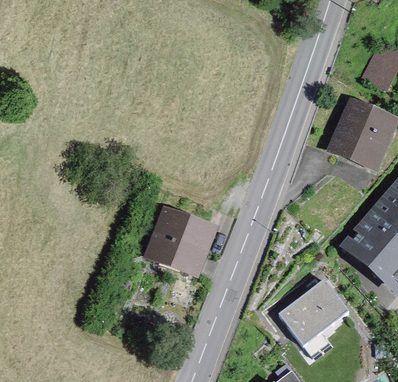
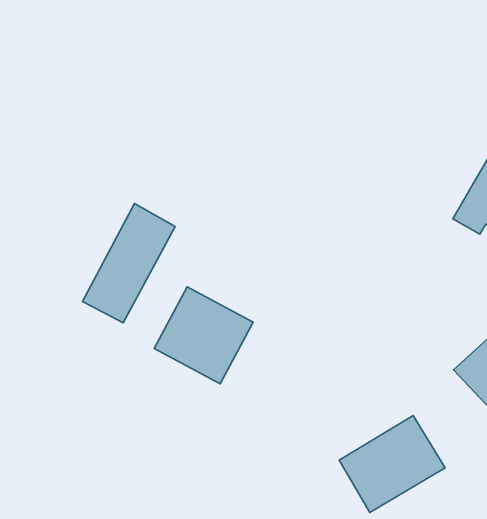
building: none -> [82,204,175,323]

